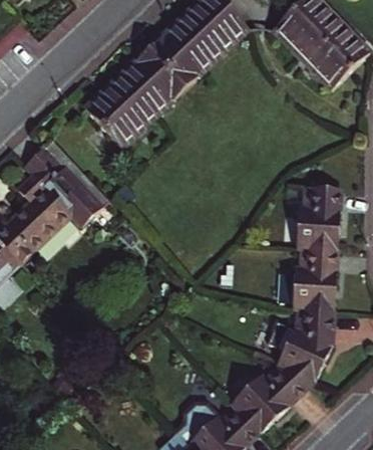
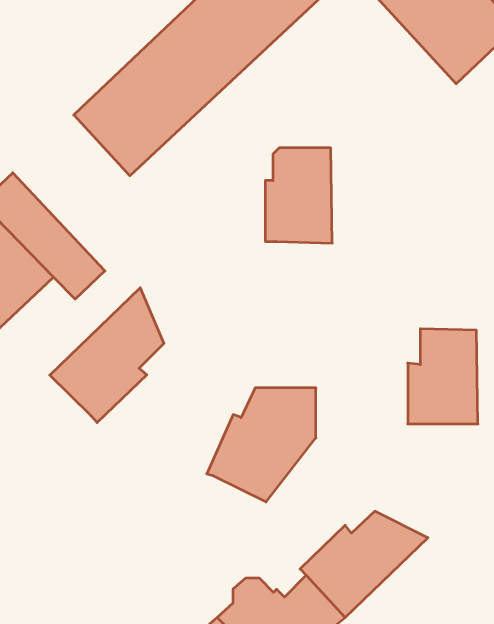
building: [298,188,341,249] -> [265,148,332,243]
building: none -> [50,288,164,423]
building: [272,309,342,383] -> [207,388,316,502]

